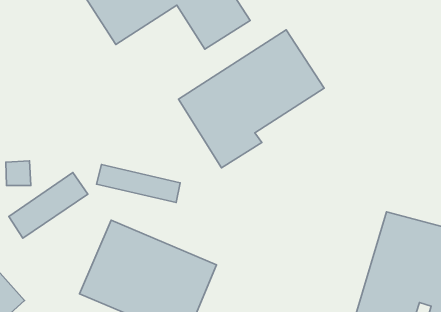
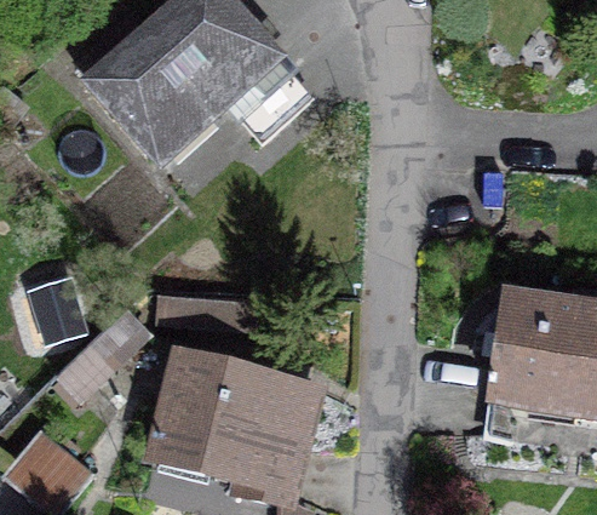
building: [179,30,324,168] -> none

